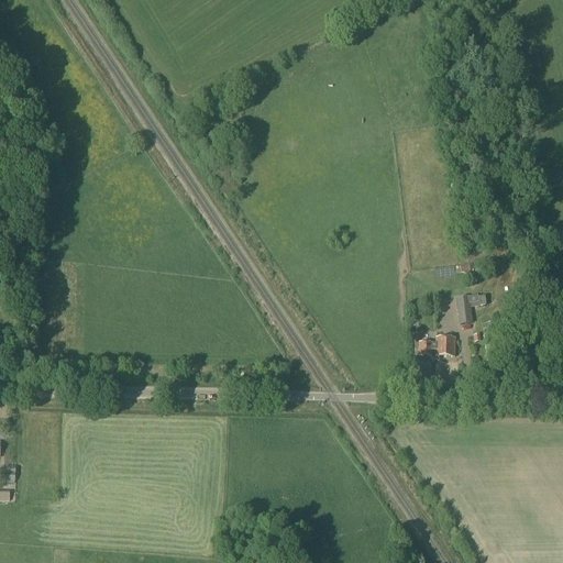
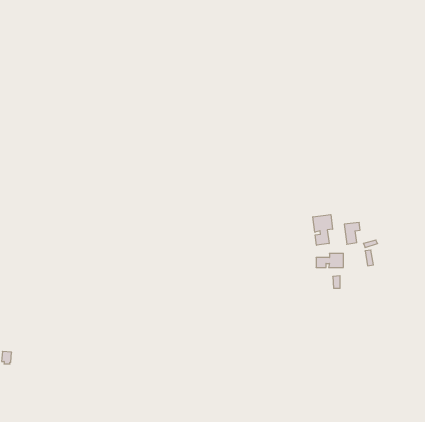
building: none -> [313,215,333,245]

